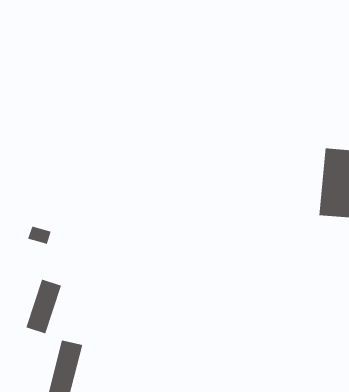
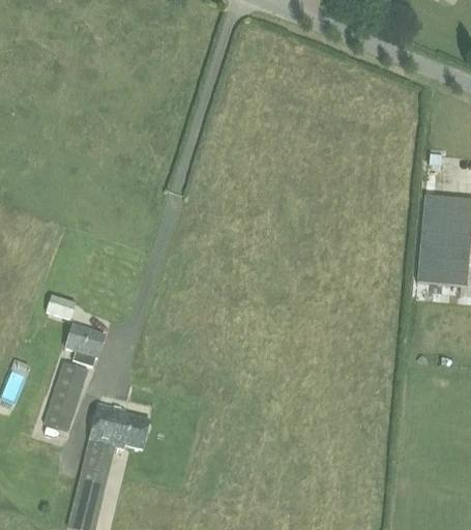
building: none -> [64,323,106,366]
building: none -> [88,404,150,448]

